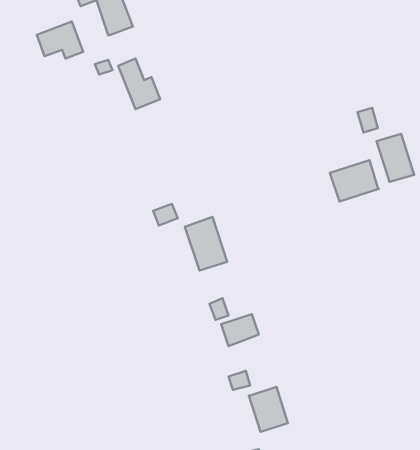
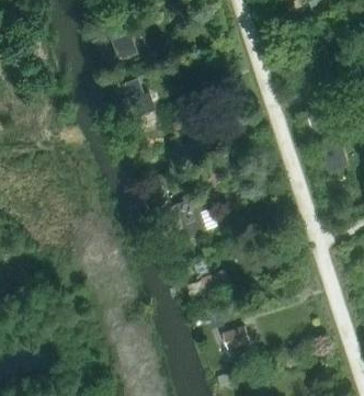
building: [37,22,83,59] -> none
building: [330,160,379,202] -> none

